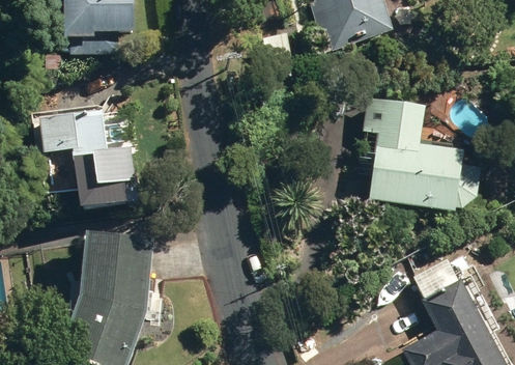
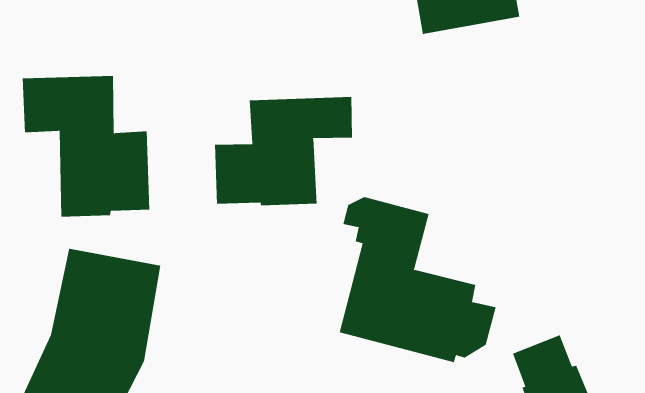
building: [363,97,481,210] -> [339,197,496,363]
building: none -> [215,96,353,206]

